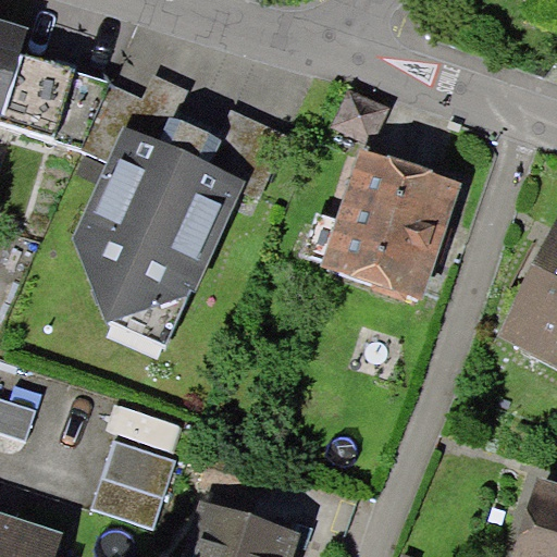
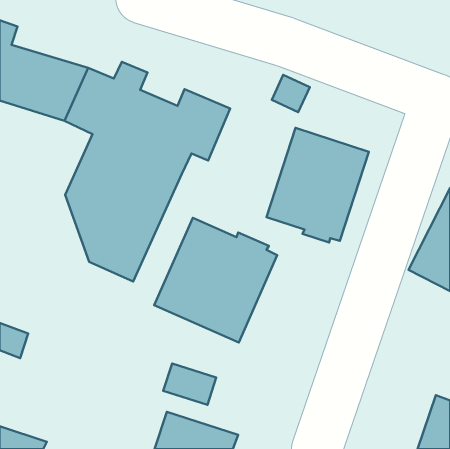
building: none -> [154,218,277,343]
building: [91,441,175,528] -> none

